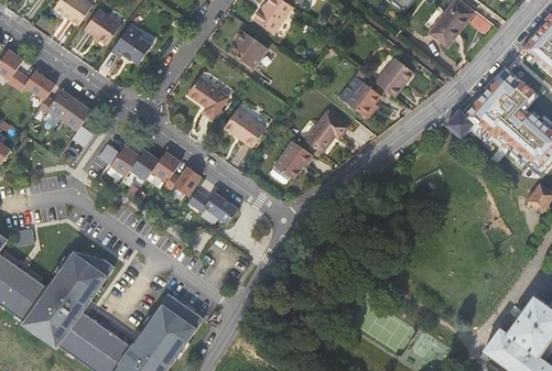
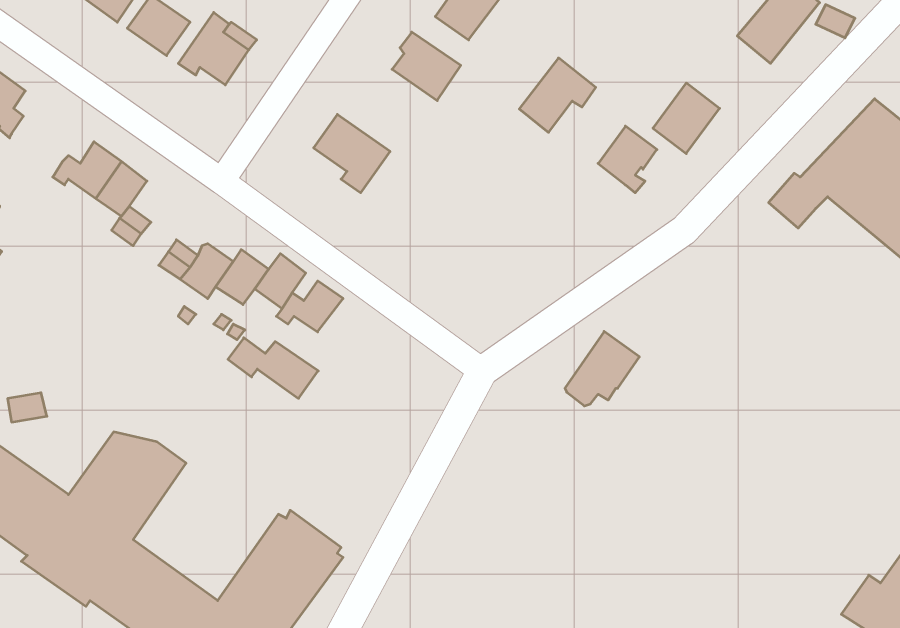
building: [17,72,57,101] -> none
building: [226,108,267,146] -> none
building: [305,113,348,155] -> [519,58,596,132]
building: [270,143,312,185] -> [565,331,639,406]
building: [191,192,241,226] -> [228,338,318,398]

